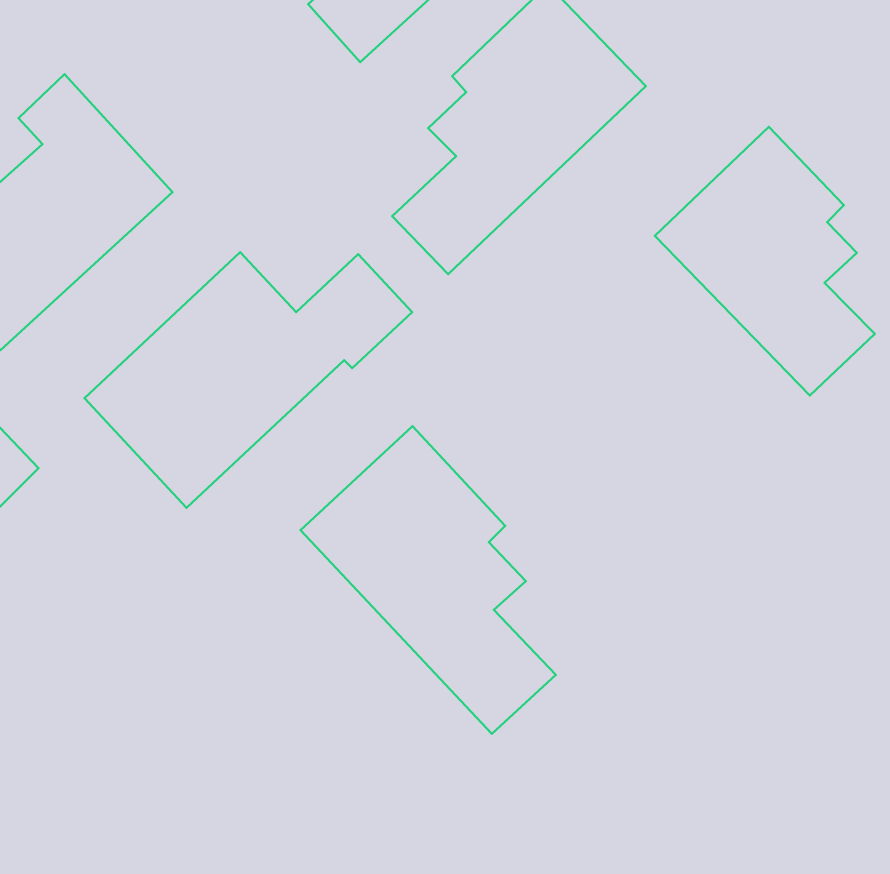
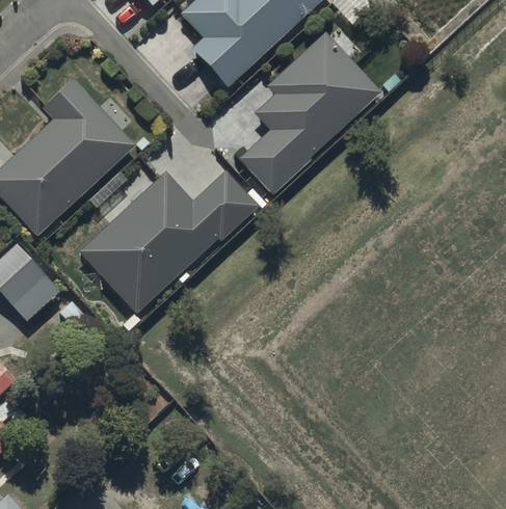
building: [655,127,875,396] -> none
building: [301,426,556,734] -> none

